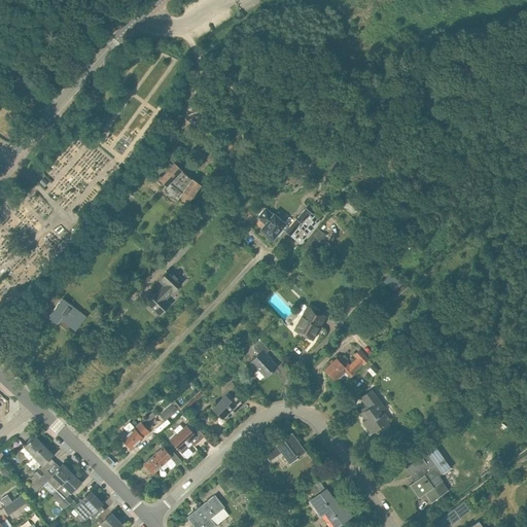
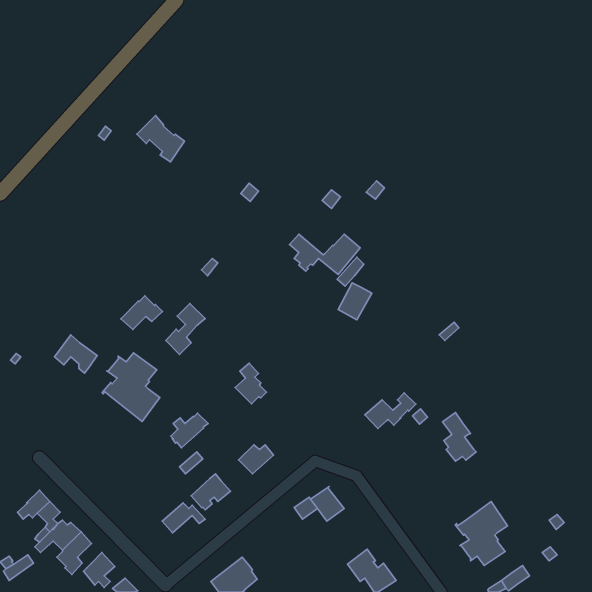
building: [159,162,201,203] -> [137,116,184,162]
building: none -> [121,296,163,330]
building: [295,307,325,340] -> [338,283,372,320]
building: none -> [102,353,160,421]
building: [249,341,277,377] -> [235,363,266,404]
building: [360,389,390,432] -> [443,413,476,461]
building: [121,418,154,449] -> [171,413,208,448]

